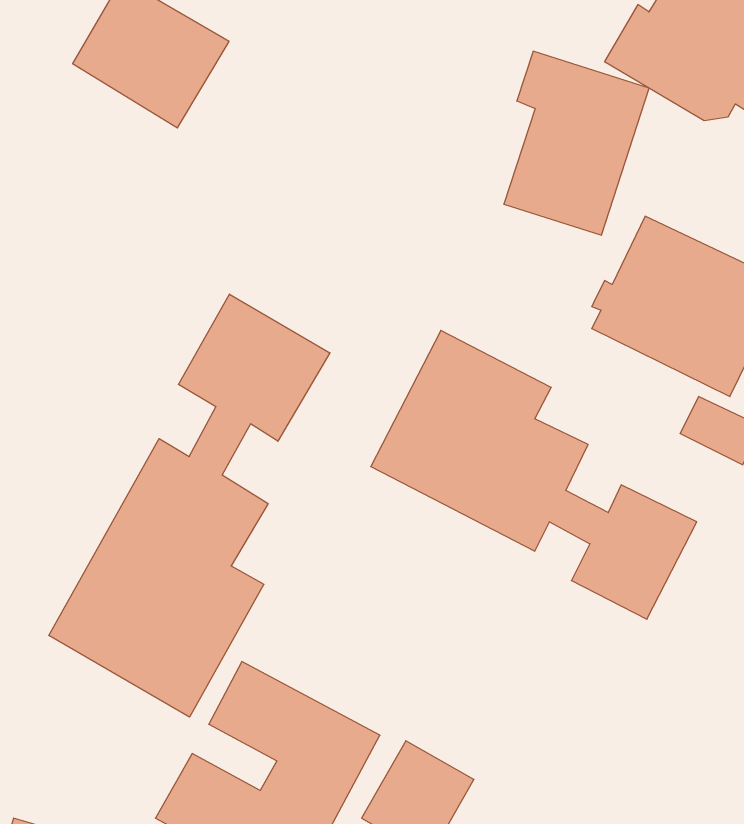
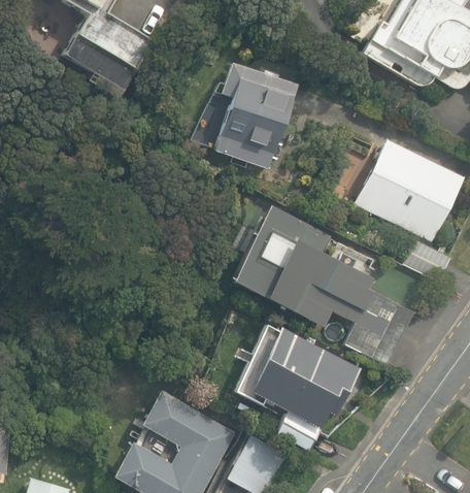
building: [504,51,649,235] -> [215,64,297,167]
building: [49,294,330,717] -> none
building: none -> [247,327,360,429]

